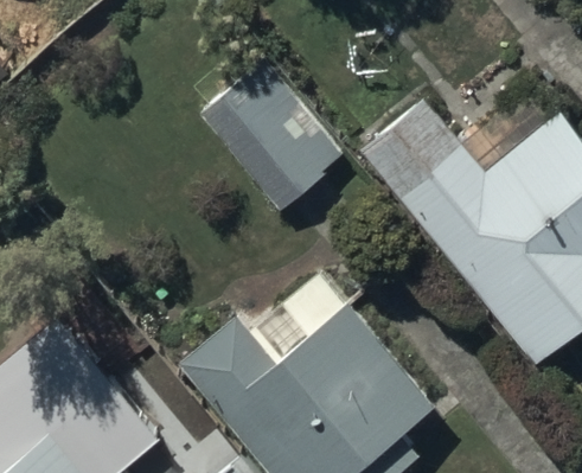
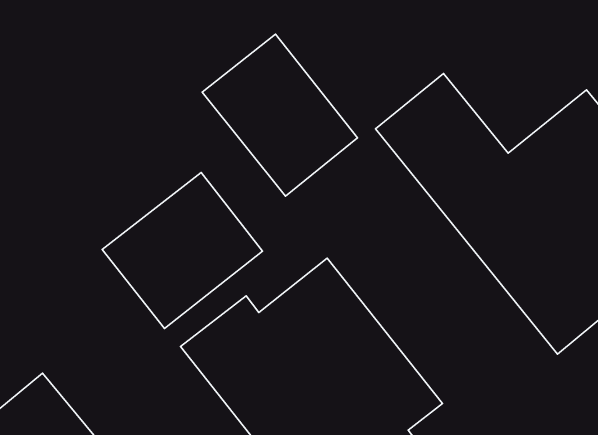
building: none -> [102,173,262,328]

